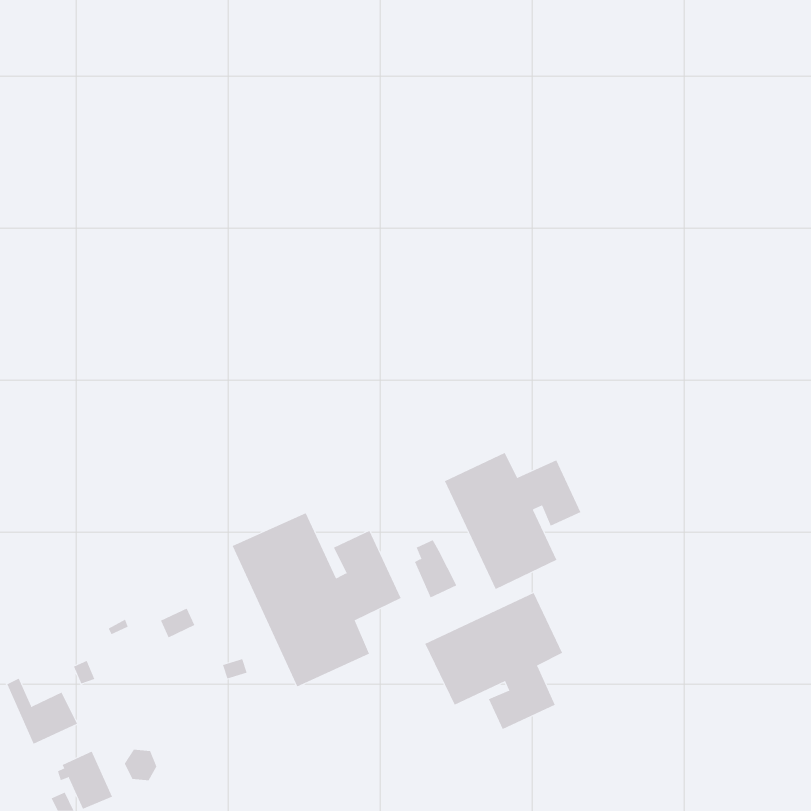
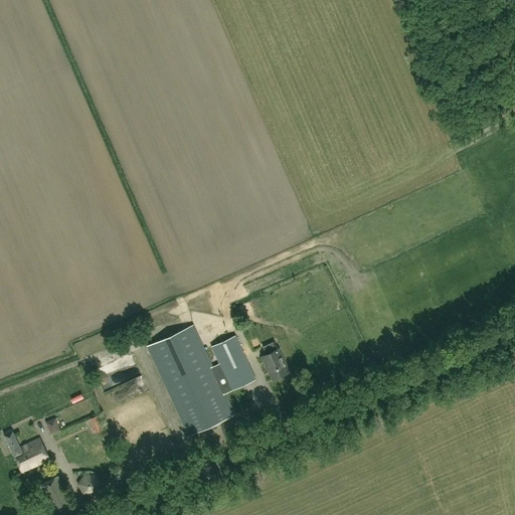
building: [444,452,581,590] -> none
building: [425,592,563,730] -> none

